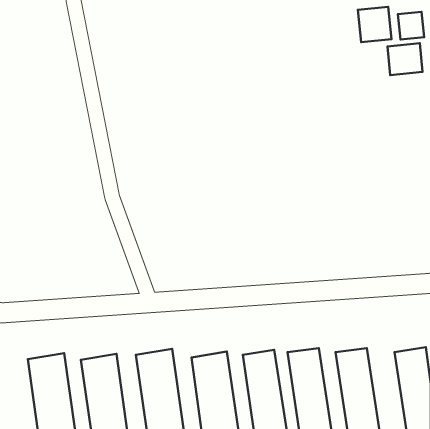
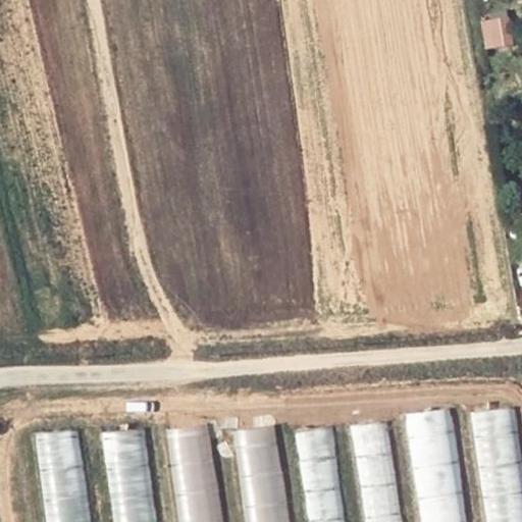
building: [358,7,391,42] -> none
building: [388,43,423,75] -> none

